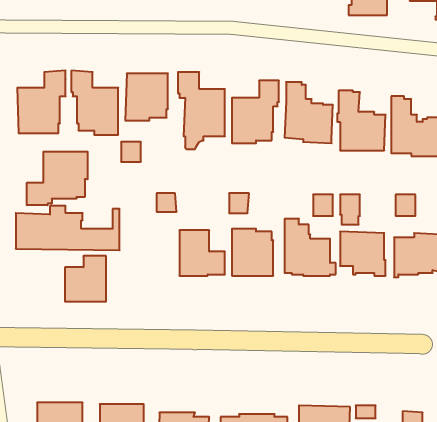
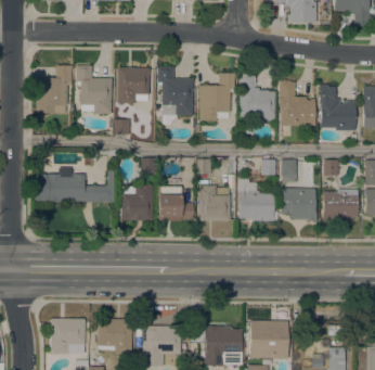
building: [27,152,88,205] -> none
building: [65,256,106,302] -> [122,186,154,220]

